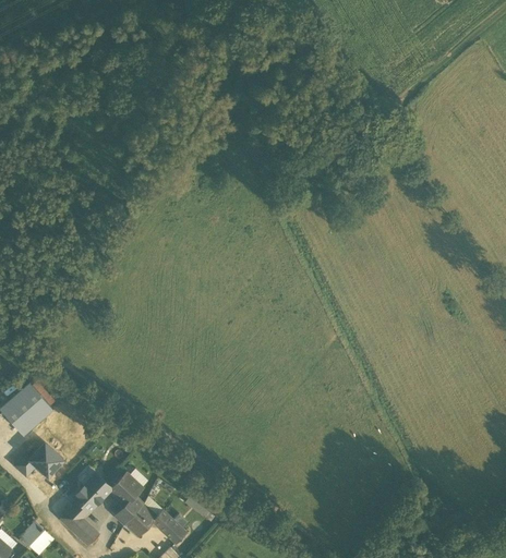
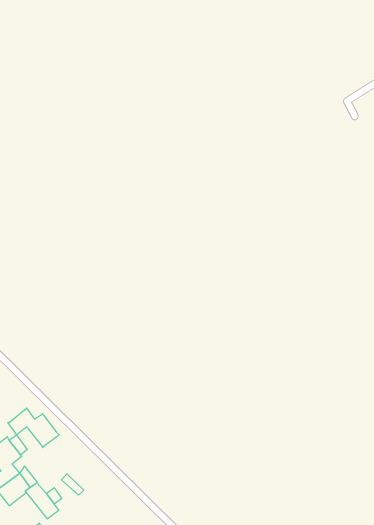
building: none -> [8,408,59,448]

